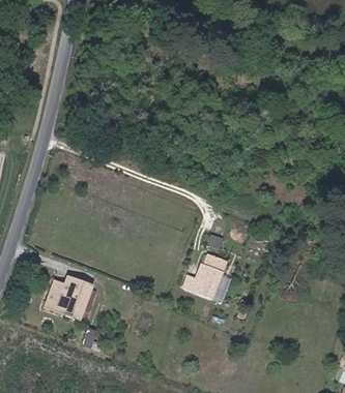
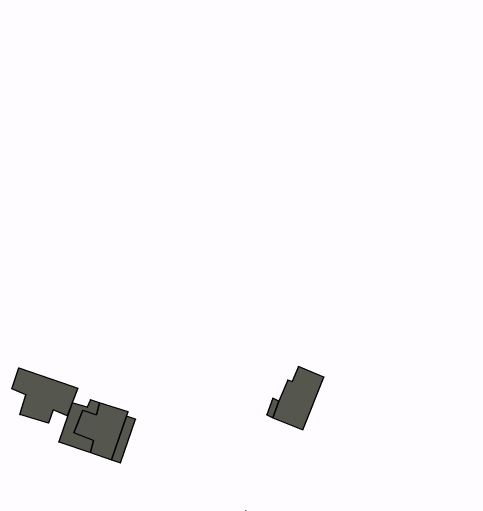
building: none -> [12,368,78,423]

